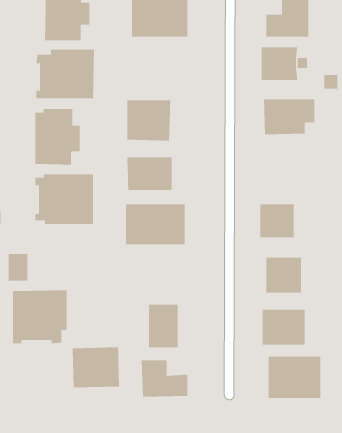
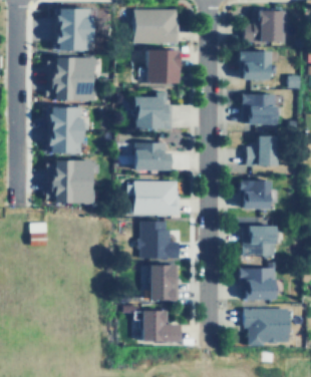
building: none -> [141,50,179,83]
building: none -> [246,136,277,165]
building: none -> [141,221,182,256]
building: [13,289,67,344] -> none
building: [72,346,120,388] -> none

